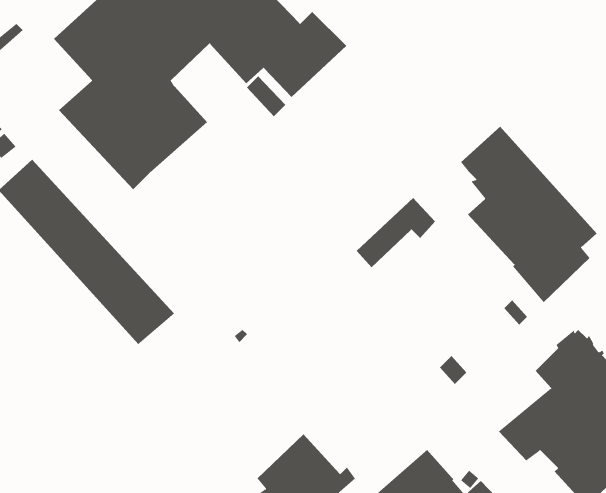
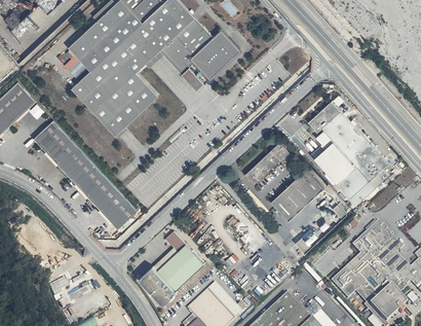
building: none -> [271,170,322,220]
building: none -> [140,230,202,303]

